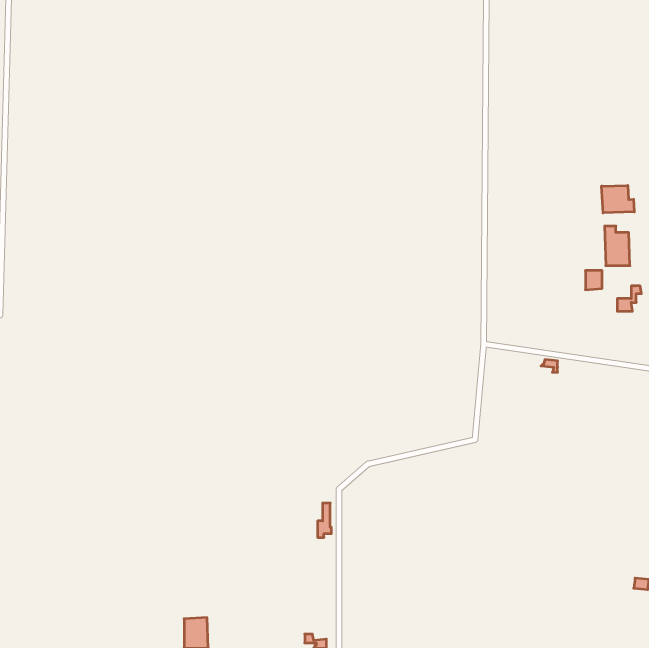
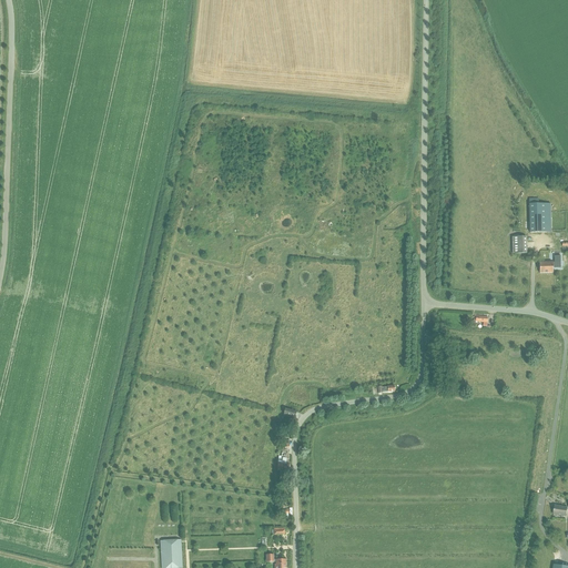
building: [602,185,634,213] -> none

